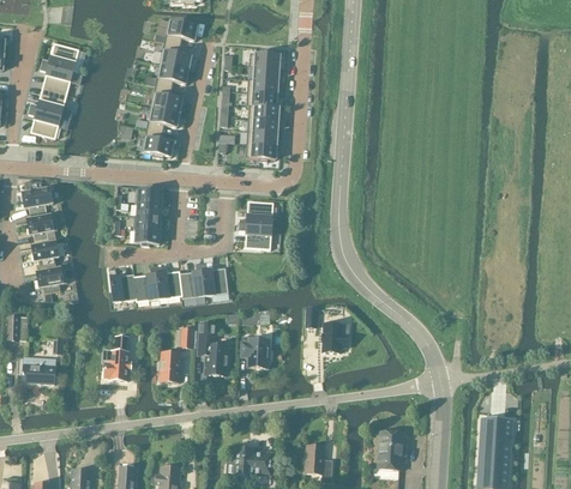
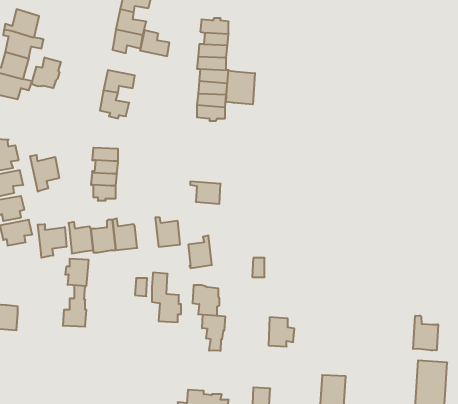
building: [152,85,184,113] -> [140,30,169,56]
building: none -> [32,57,61,88]
building: none -> [226,71,255,104]
building: none -> [30,155,59,192]
building: [240,201,275,228] -> none
building: [181,264,206,298] -> [188,236,212,268]
building: none -> [38,224,66,258]
building: [323,321,350,352] -> [269,317,294,347]
building: [157,352,182,381] -> [65,259,89,286]
building: none -> [202,315,225,351]
building: none -> [413,315,438,351]

